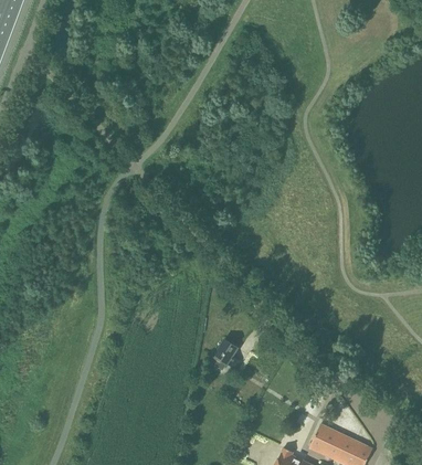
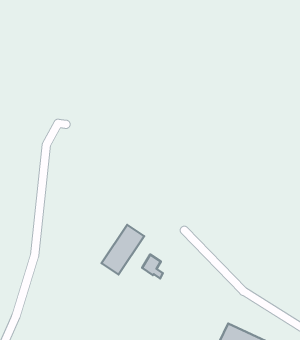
building: none -> [101,225,144,274]

